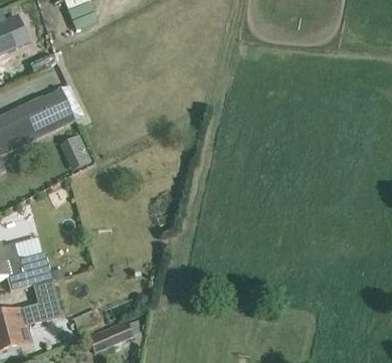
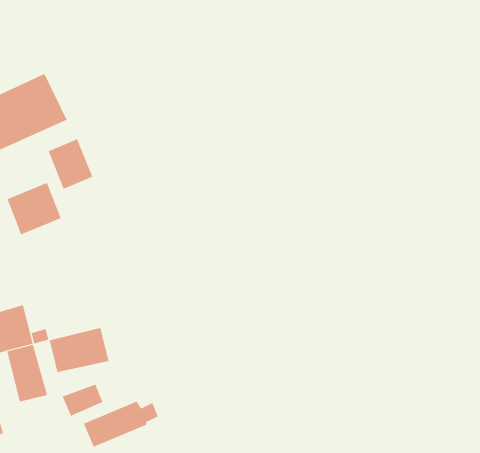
building: none -> [7,182,61,235]
building: none -> [49,327,109,373]

